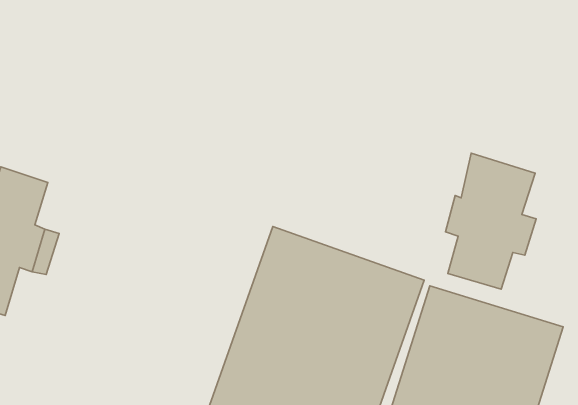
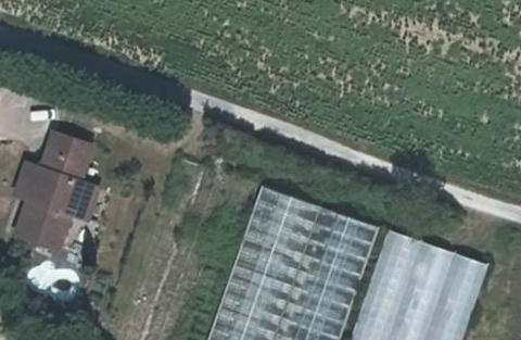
building: [446,153,536,289] -> none

